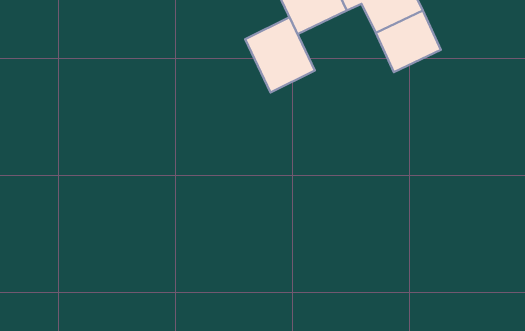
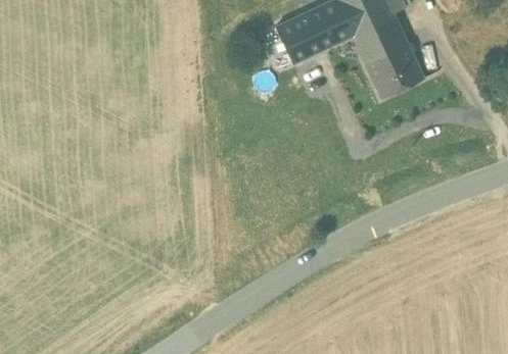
building: [245,17,315,93] -> none

